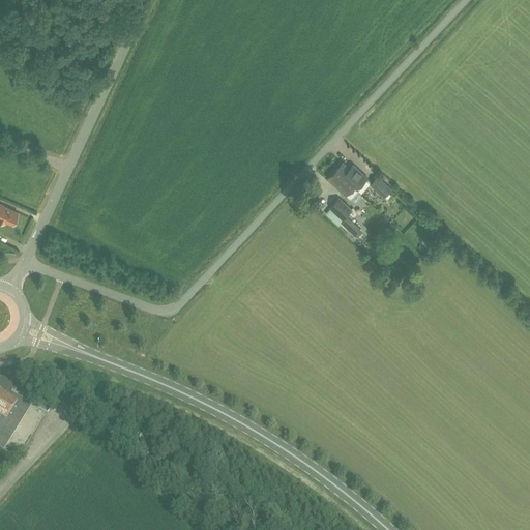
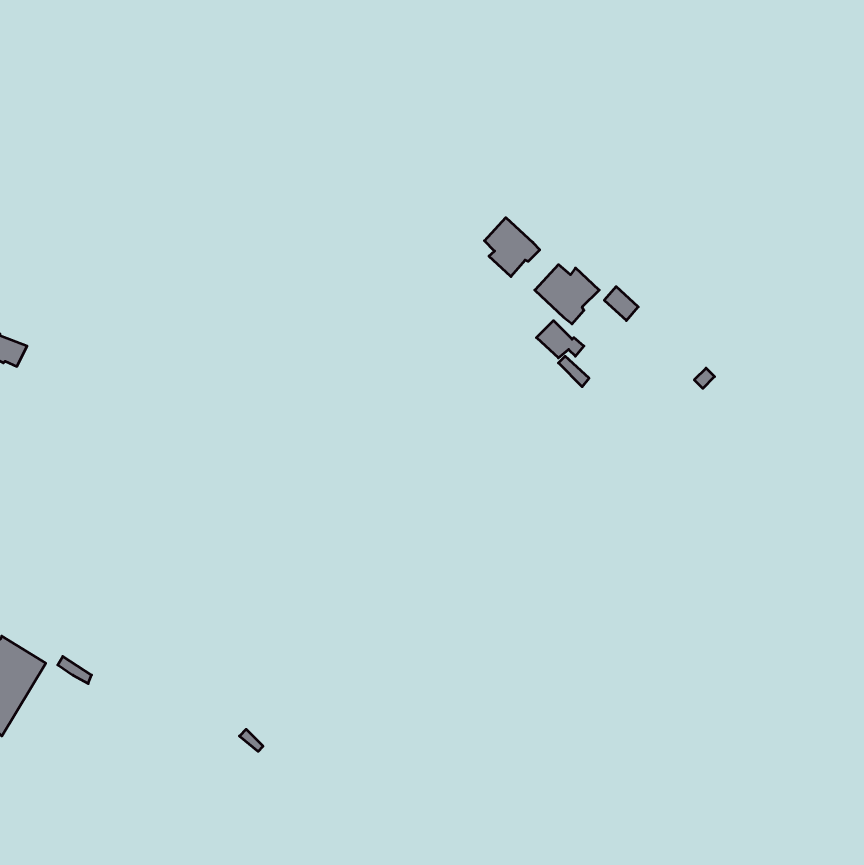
building: none -> [484,218,540,277]

